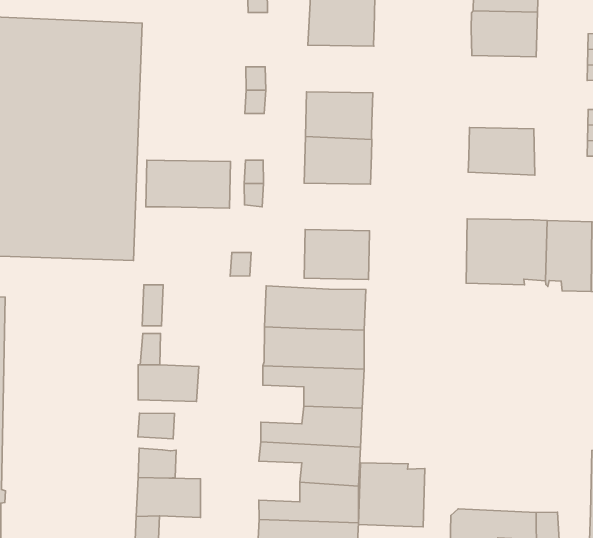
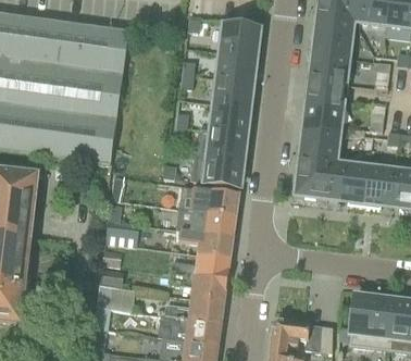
building: none -> [216,51,257,82]
building: none -> [306,66,347,111]
building: [146,160,231,208] -> [197,127,247,159]
building: none -> [299,132,339,162]
building: [358,463,425,527] -> none

